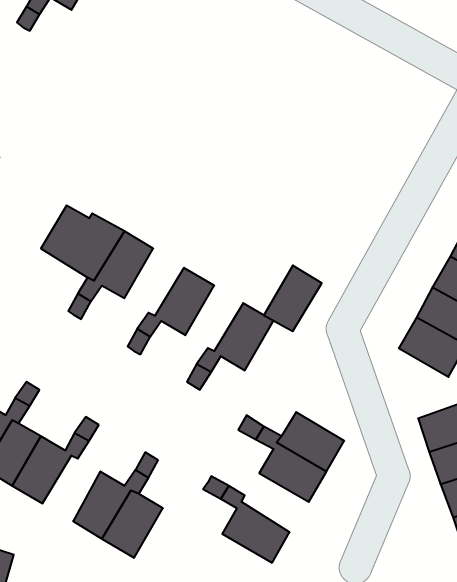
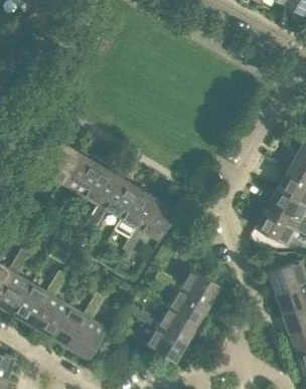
building: none -> [83,166,120,208]
building: [264,265,322,331] -> [121,189,157,230]
building: none -> [31,296,67,337]
building: none -> [156,307,198,344]

